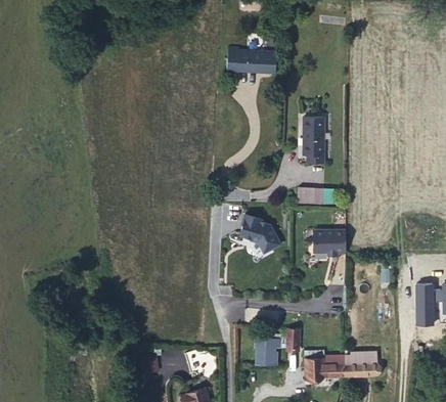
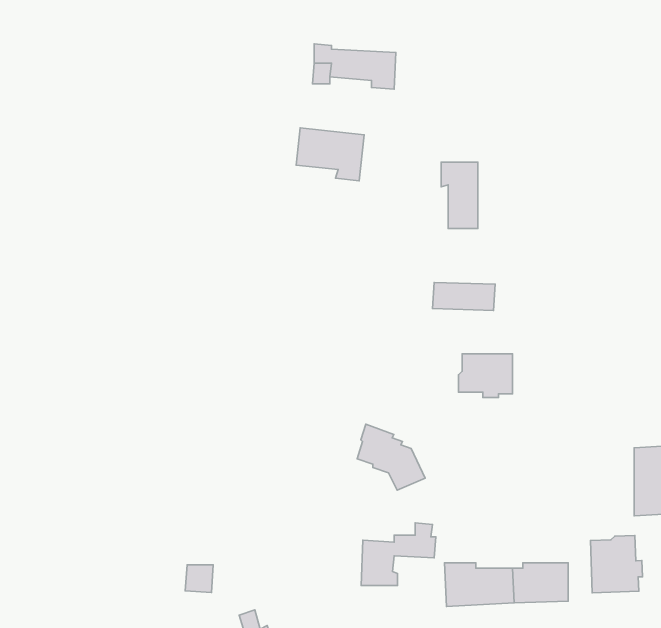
building: none -> [296,128,364,181]
building: [239,212,279,251] -> [357,424,425,490]
building: none -> [590,536,642,593]

